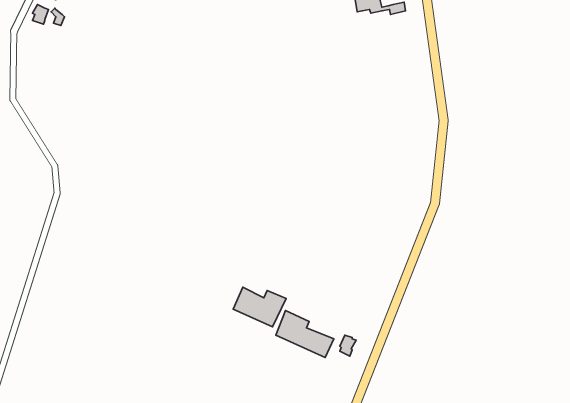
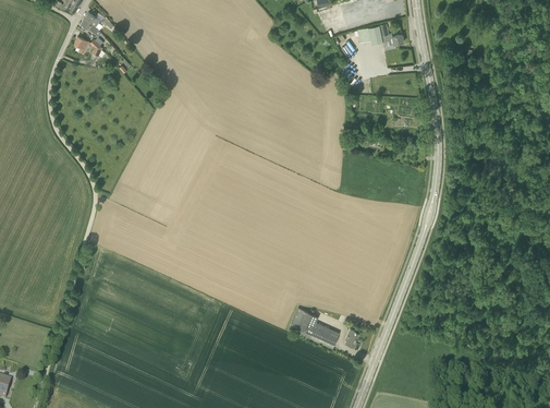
building: [233,287,286,327] -> none

